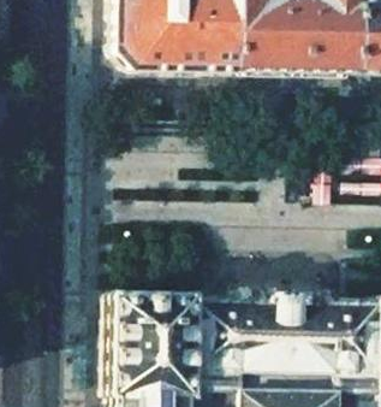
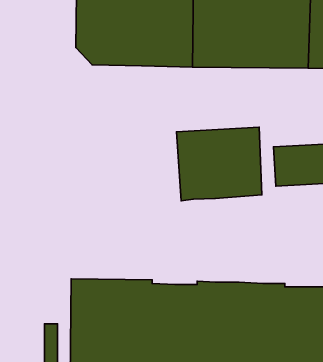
building: none -> [177,127,262,201]

